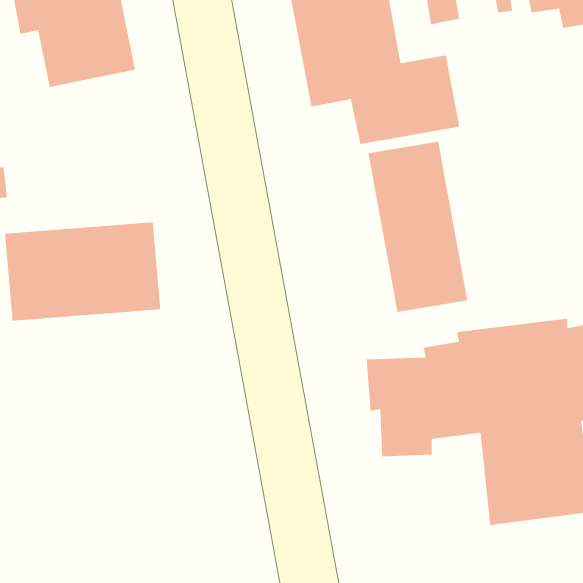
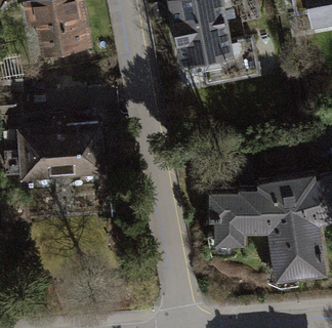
building: [367,141,468,313] -> none

